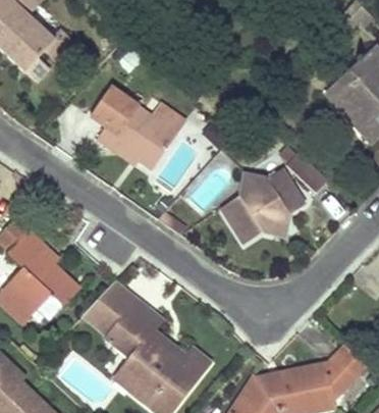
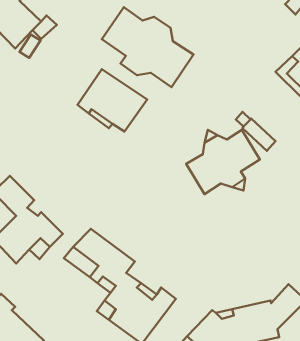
building: none -> [102,7,193,87]

